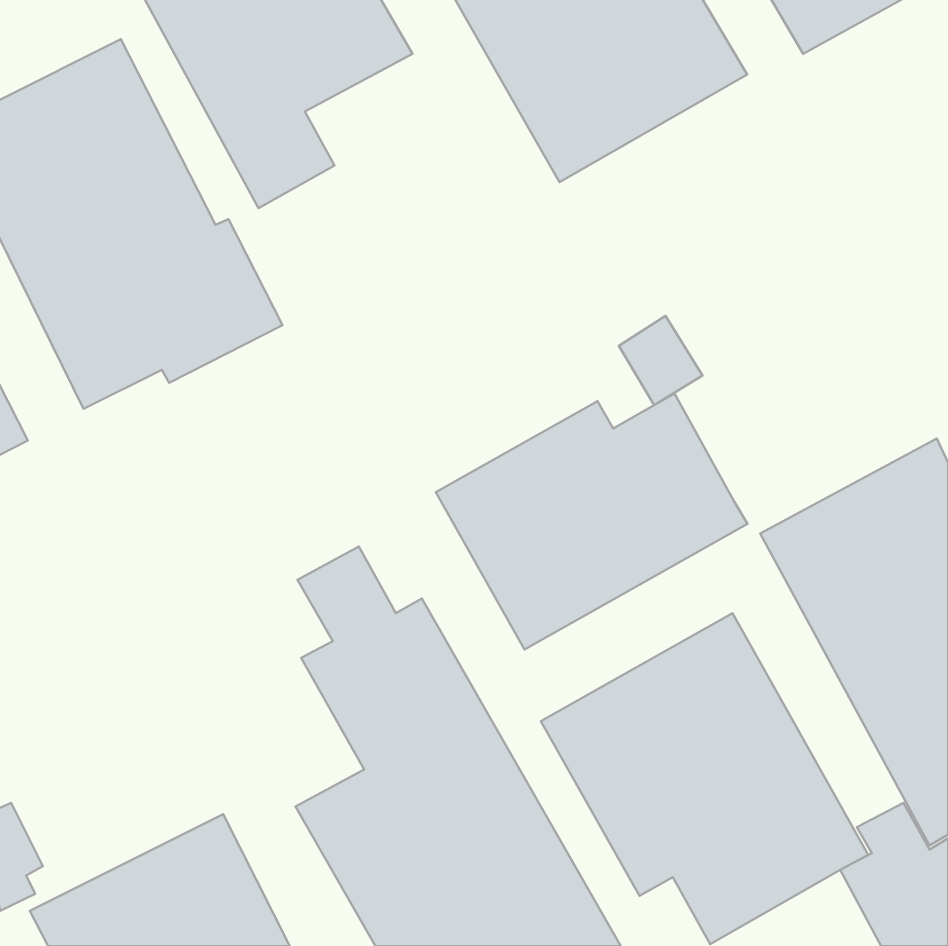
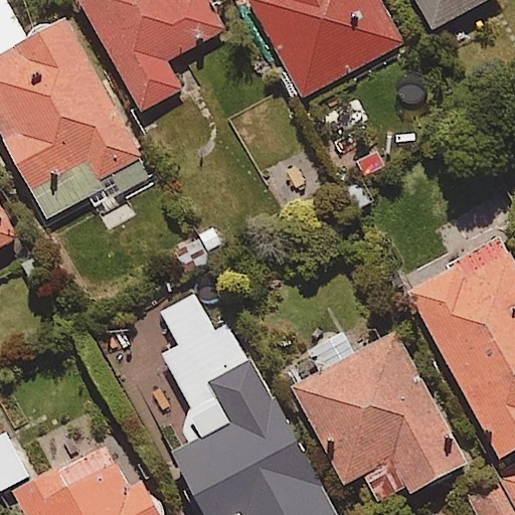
building: [436,394,748,650] -> none

